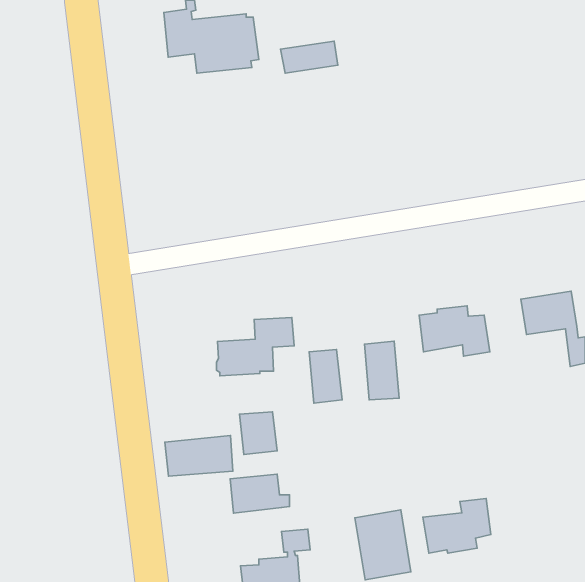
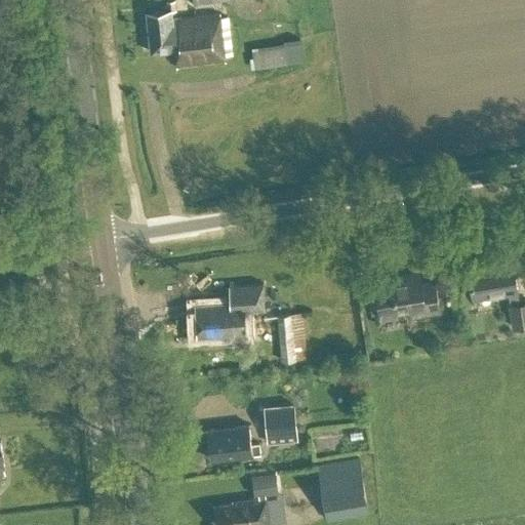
building: [364,341,399,400] -> none
building: [239,412,277,454] -> [264,407,297,445]
building: [165,436,233,476] -> none
building: [423,498,491,553] -> none

